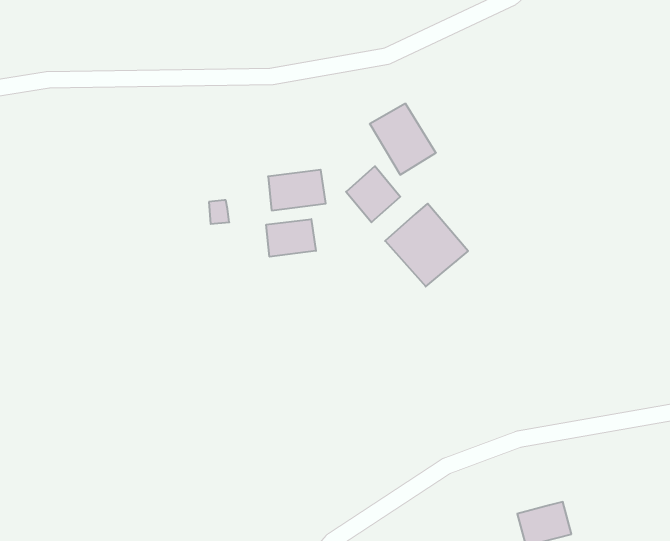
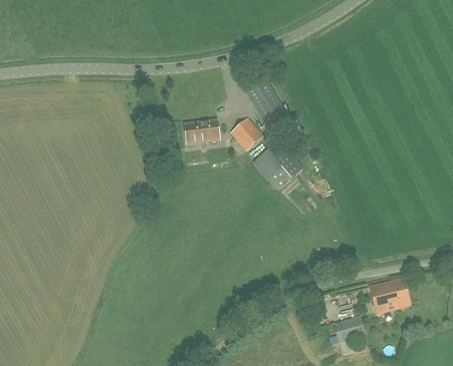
building: [266,219,316,257] -> none
building: none -> [369,278,410,314]

